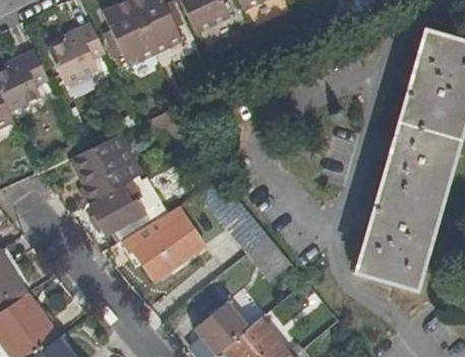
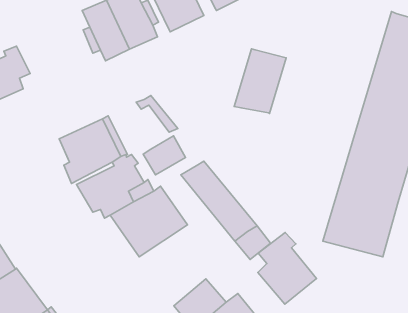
building: [43,33,99,93] -> none
building: none -> [234,49,286,113]
building: none -> [143,136,186,175]
building: none -> [258,232,316,304]

